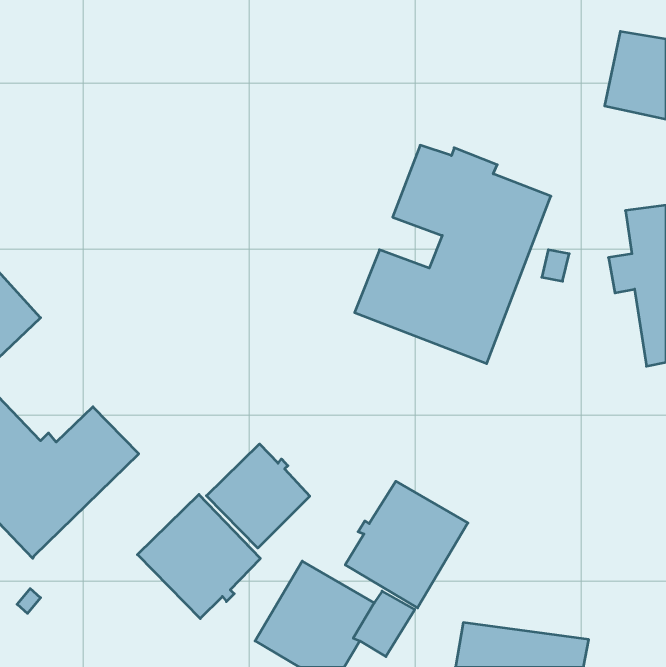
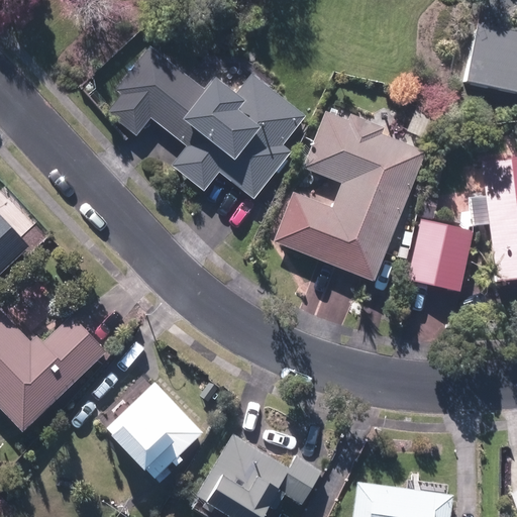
building: none -> [106,46,307,198]
building: none -> [408,219,473,290]
building: [206,444,310,548] -> none
building: [345,481,468,608] -> none

